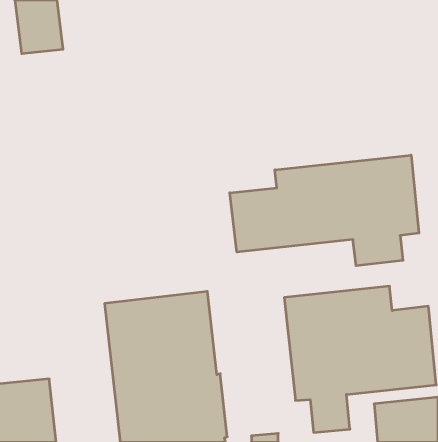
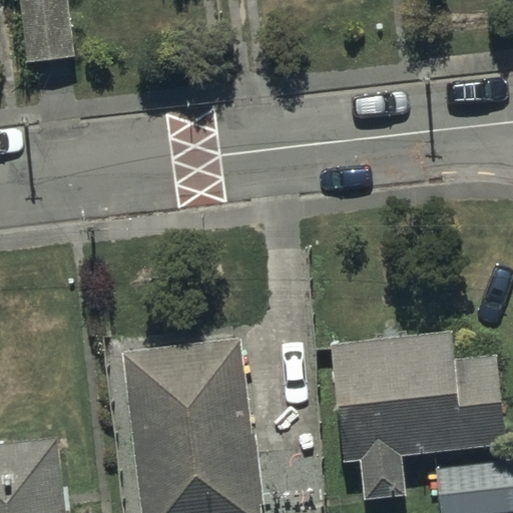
building: [230,155,419,266] -> none

